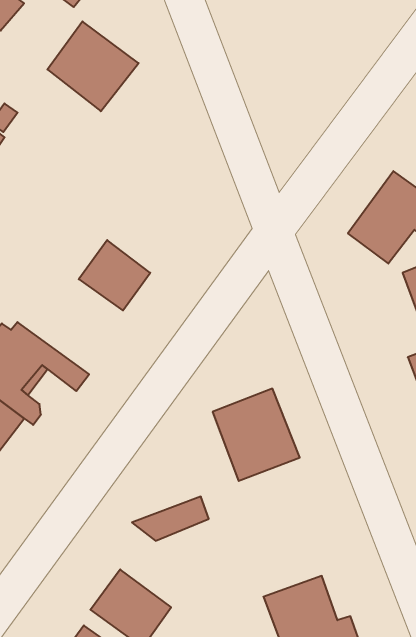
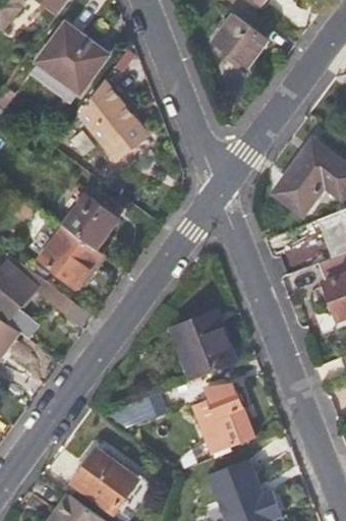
building: none -> [215,15,268,67]
building: none -> [79,80,148,160]
building: none -> [39,224,106,288]
building: none -> [190,383,252,458]

